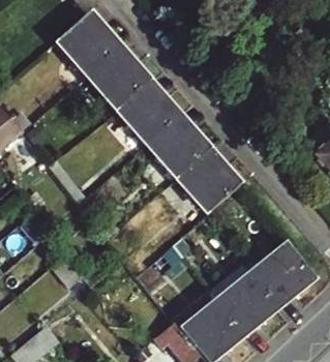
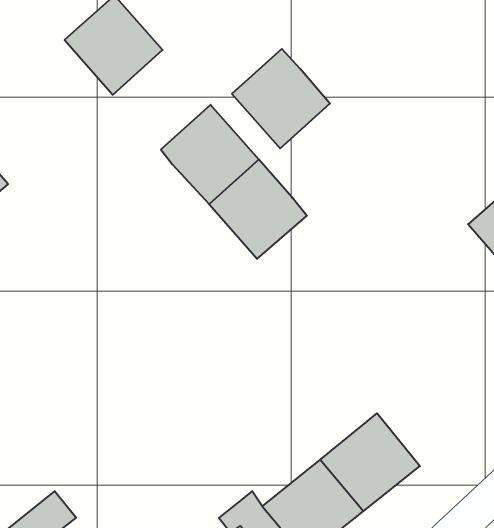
building: [88,48,149,110] -> [232,49,330,148]
building: [178,151,239,213] -> none
building: [252,245,314,307] -> none

